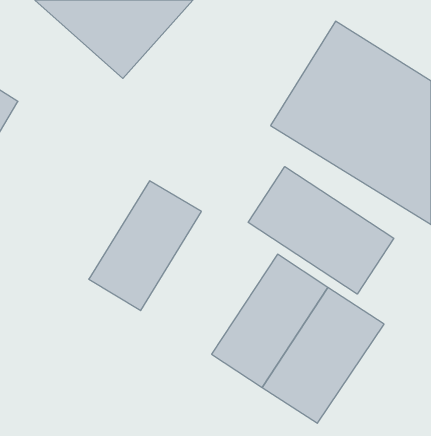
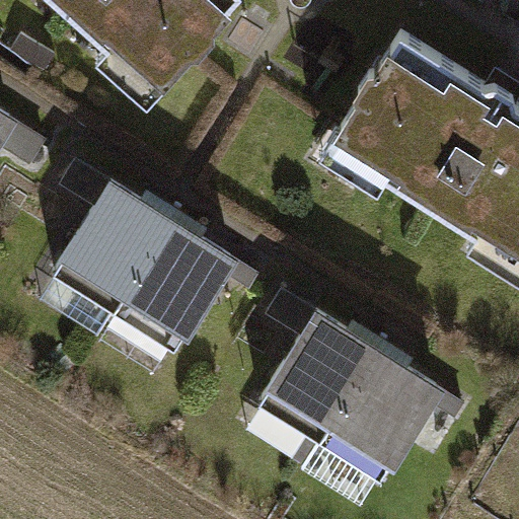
building: none -> [42,175,177,331]
building: [248,167,394,294] -> none

